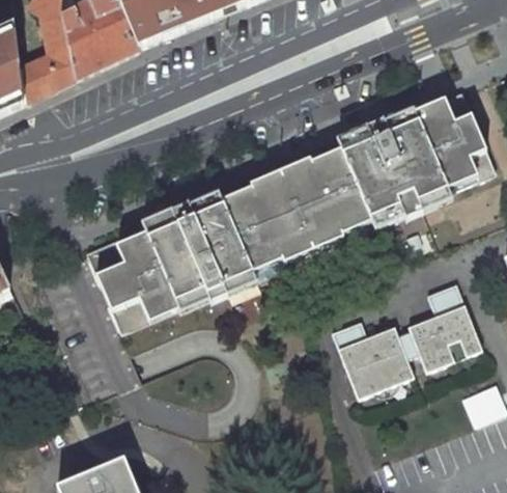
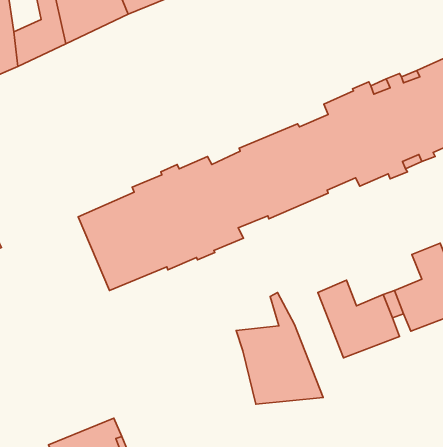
building: none -> [236,293,323,404]

